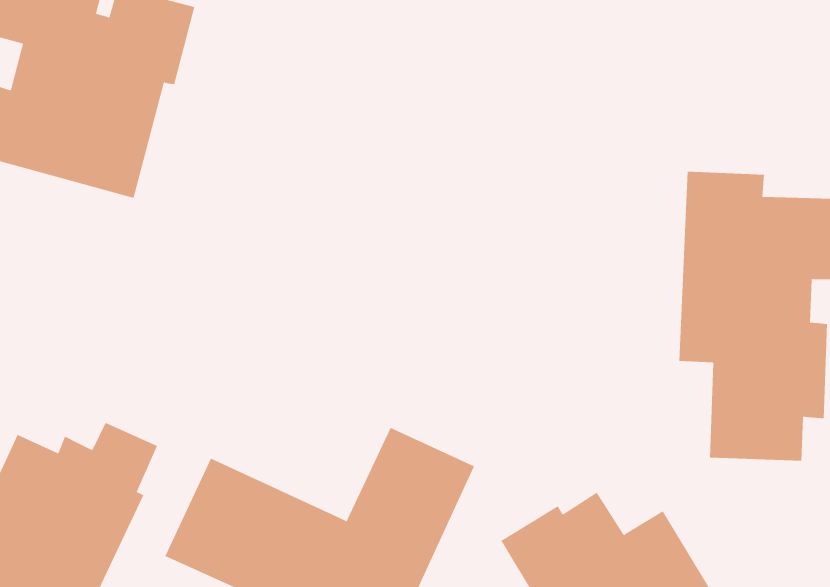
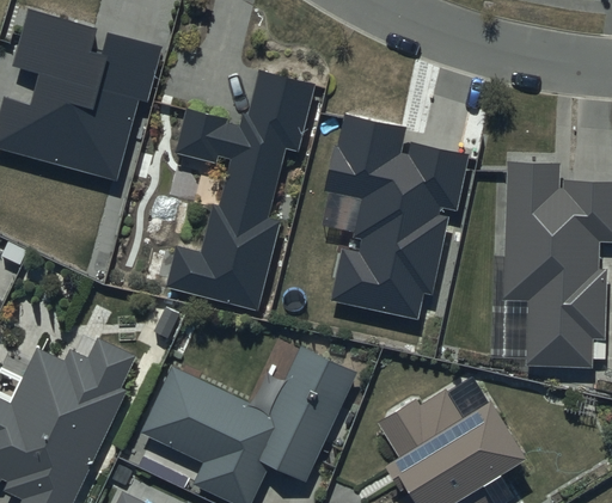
building: none -> [166,70,316,309]
building: none -> [330,118,463,312]

